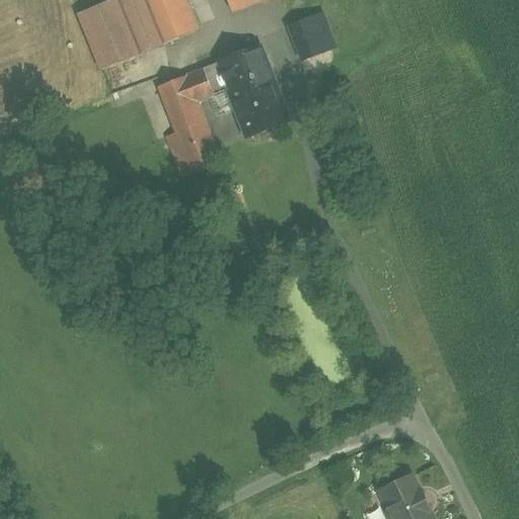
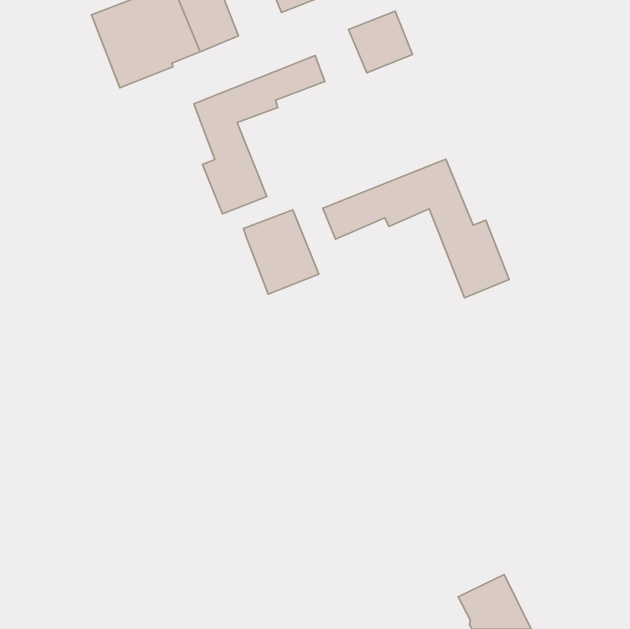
building: [226,67,288,136] -> [243,210,319,294]
building: none -> [323,159,509,298]

